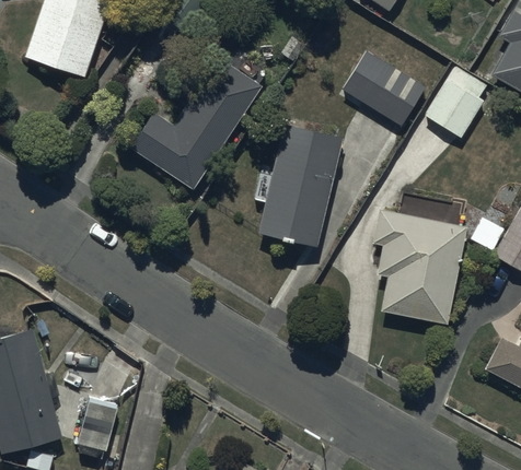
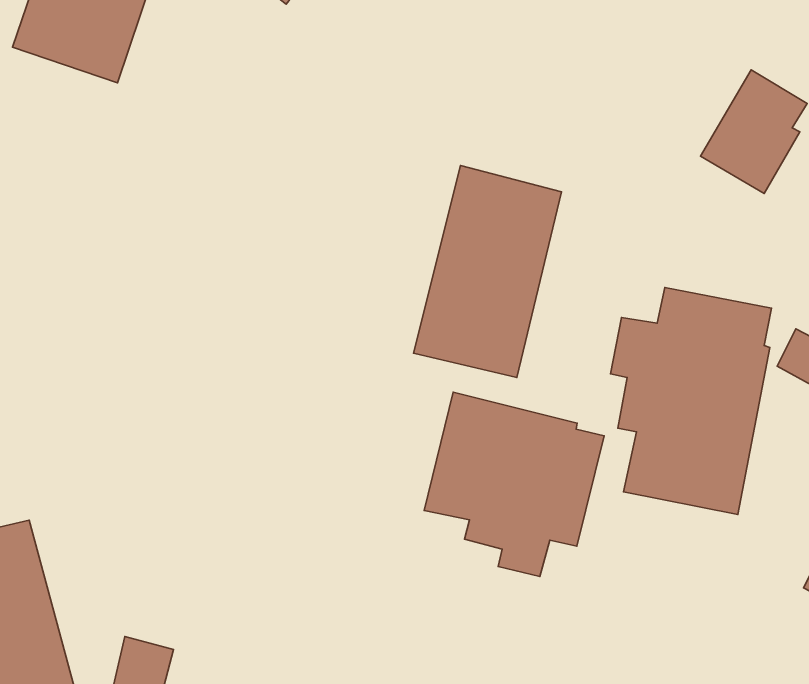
building: [341,51,425,126] -> none
building: [130,58,262,189] -> none
building: none -> [424,392,604,577]

